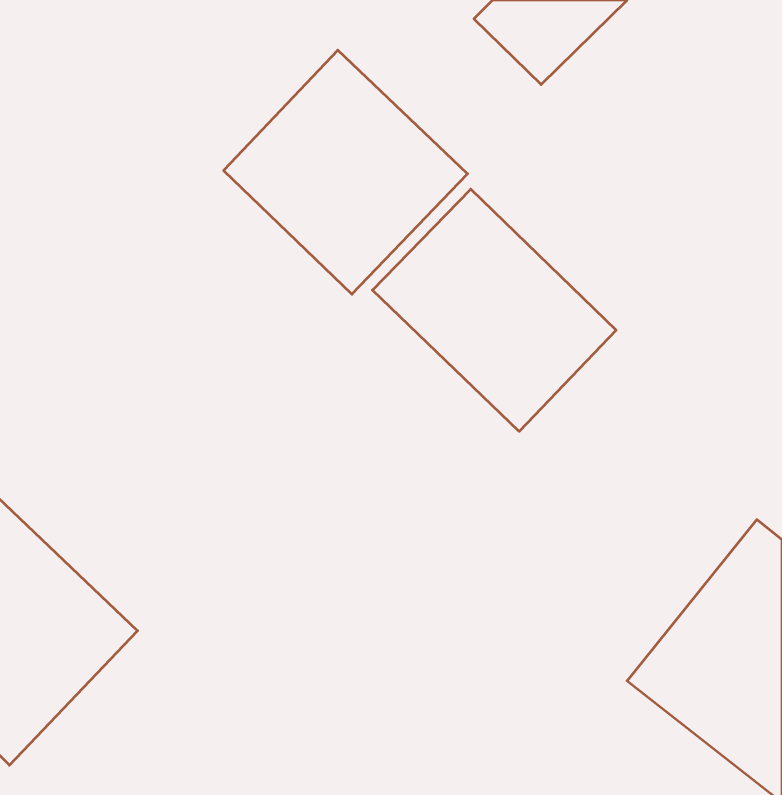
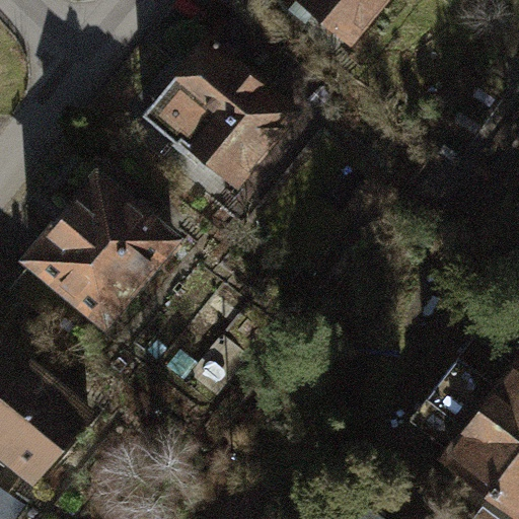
building: [372,189,616,431] -> none
building: none -> [13,168,182,338]

